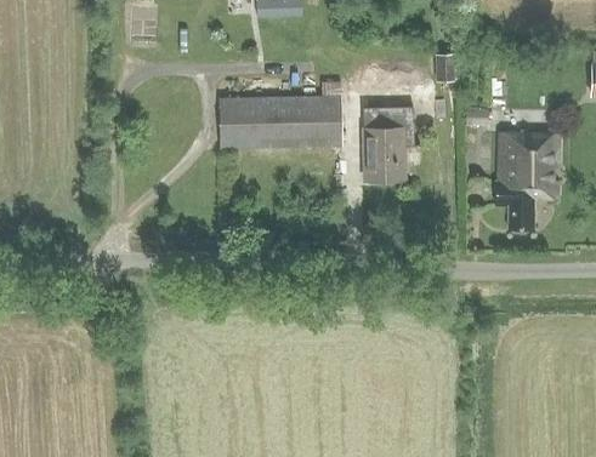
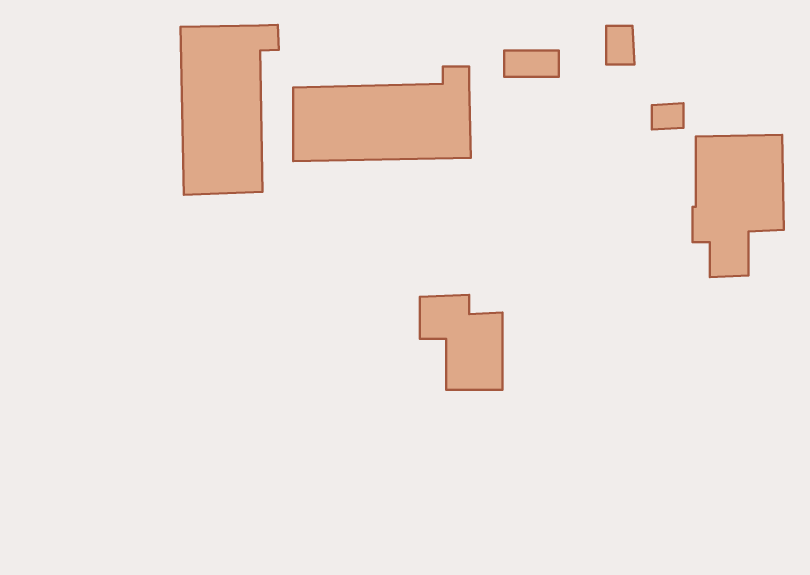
building: none -> [181,25,279,195]
building: [347,115,404,181] -> [420,295,503,390]

